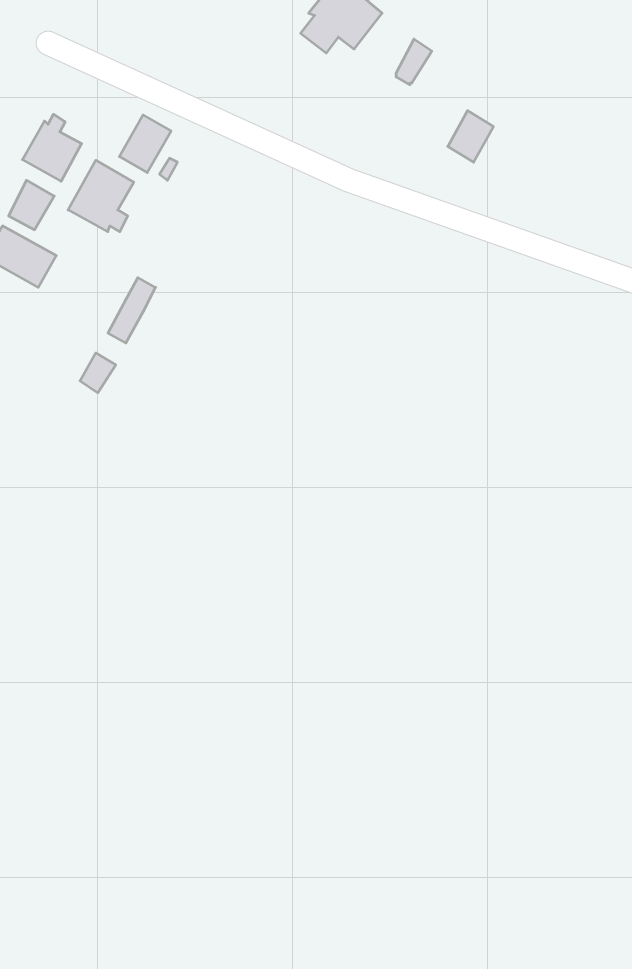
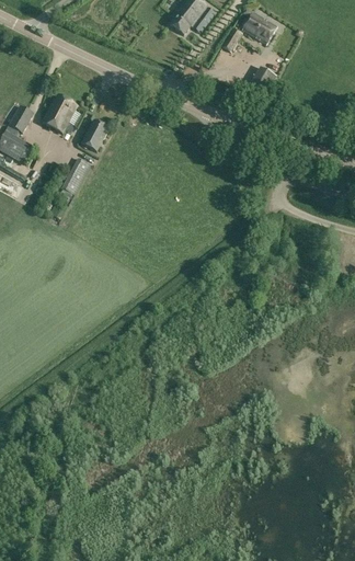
building: none -> [242,10,277,43]
building: [22,114,82,181] -> none
building: [119,115,171,173] -> [81,118,110,150]

